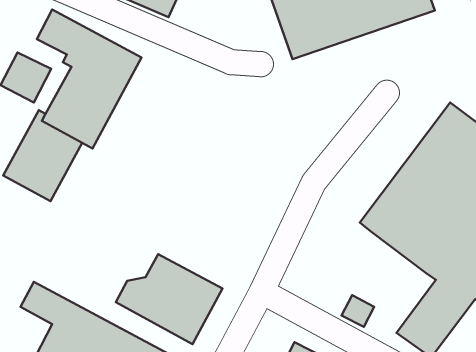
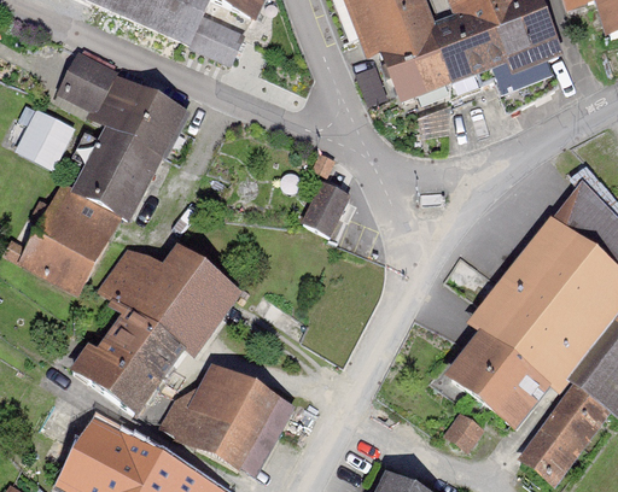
building: none -> [302,178,349,236]
building: none -> [71,242,244,415]
building: none -> [444,330,549,428]

